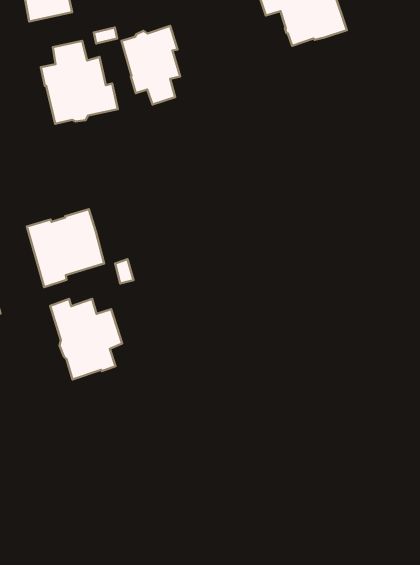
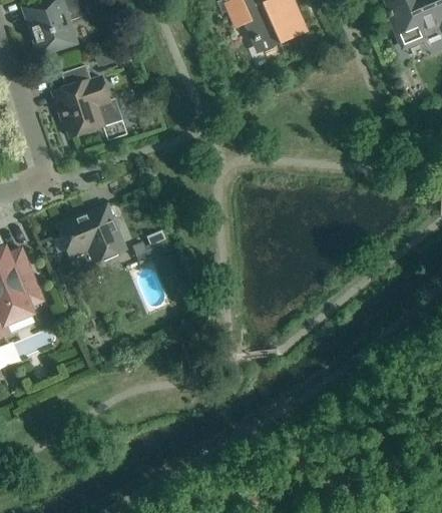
building: [121,26,180,105] -> none
building: [50,299,122,380] -> none

